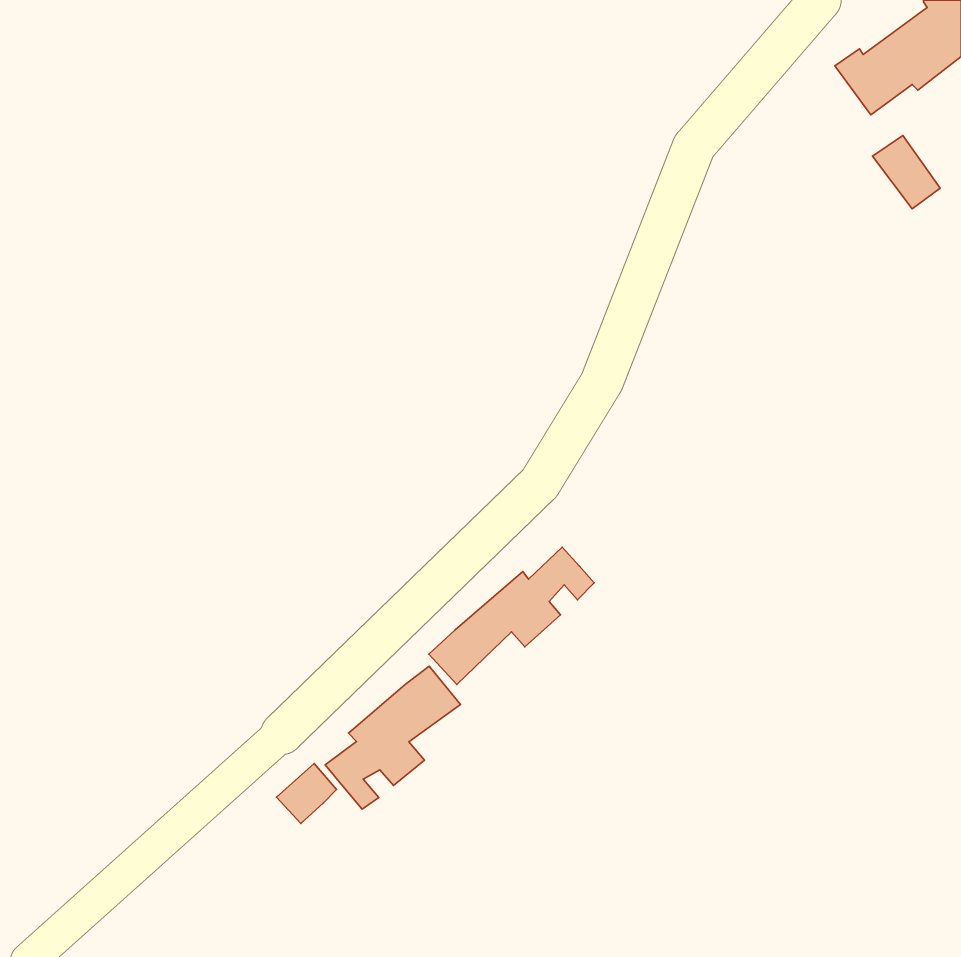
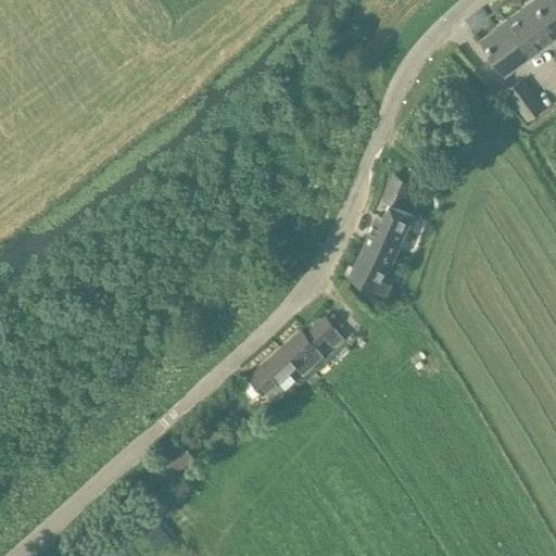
building: none -> [349,177,413,295]
building: [325,666,460,809] -> none

